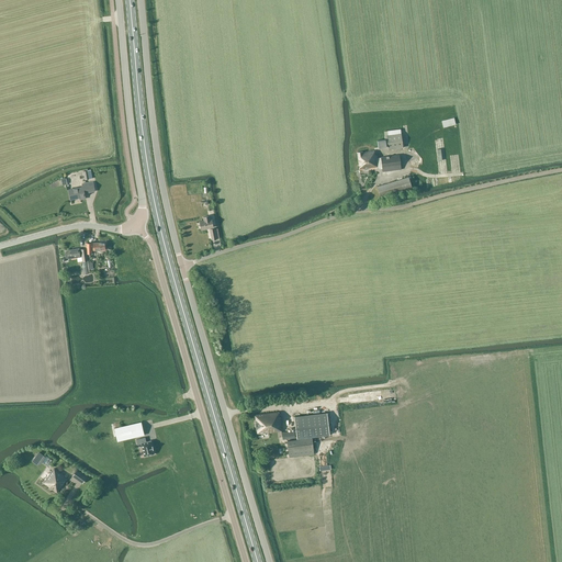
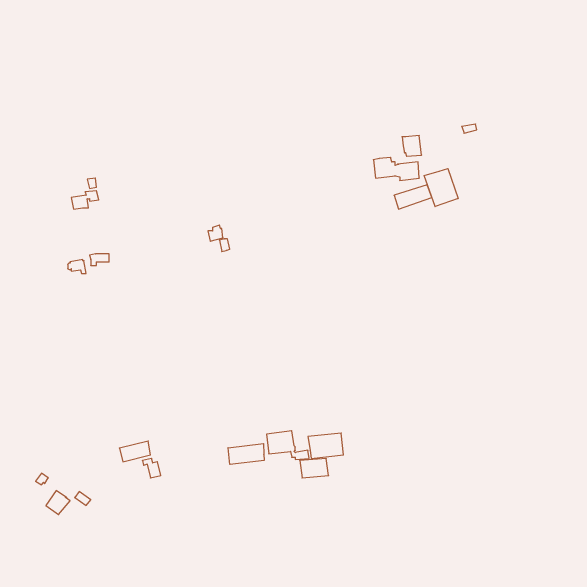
building: none -> [424,169,458,207]
building: none -> [228,444,264,464]

